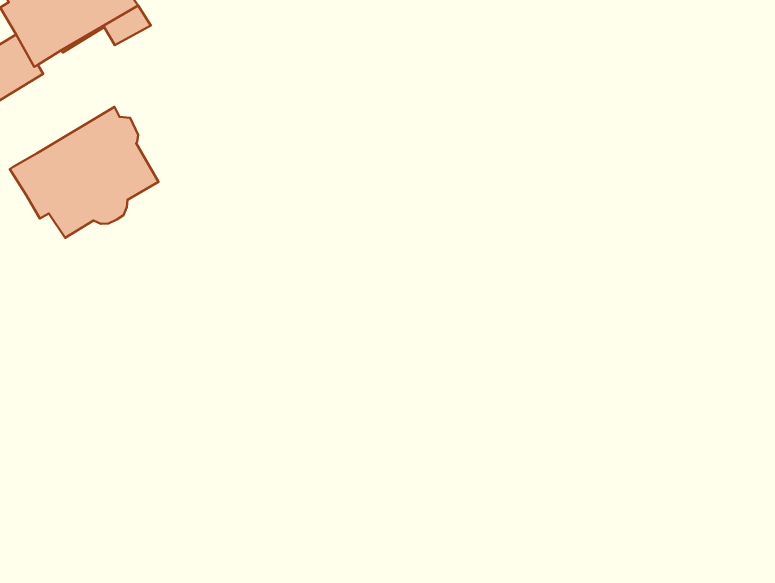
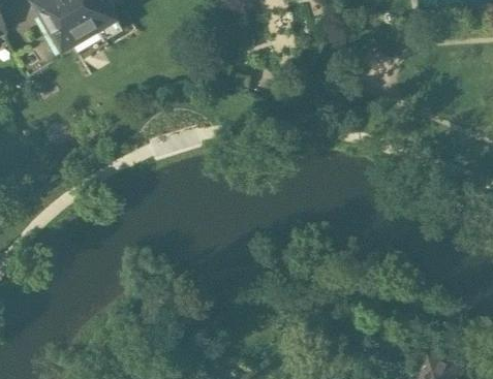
building: [10,107,158,238] -> none

